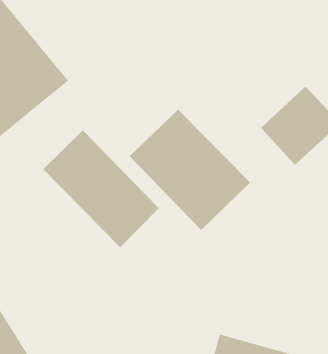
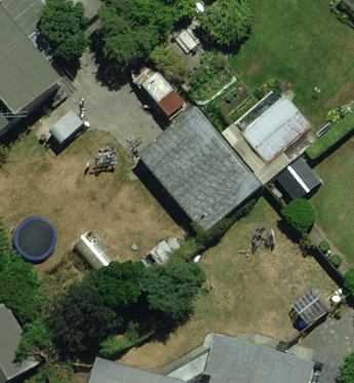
building: [42,130,160,248] -> none

